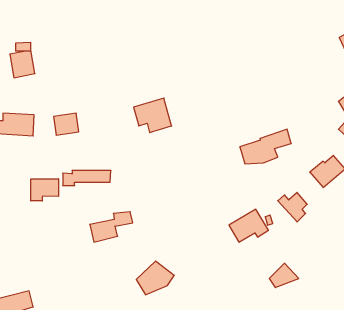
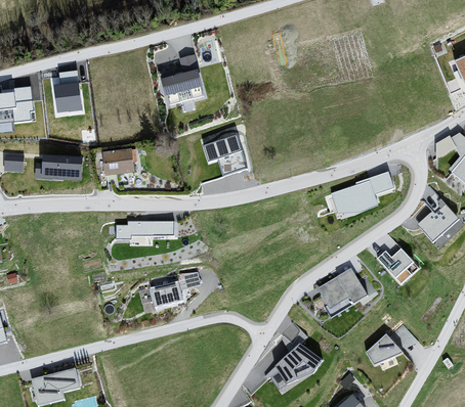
building: none -> [160,55,202,95]
building: [31,179,58,201] -> none
building: [136,261,174,295] -> [276,344,322,385]

